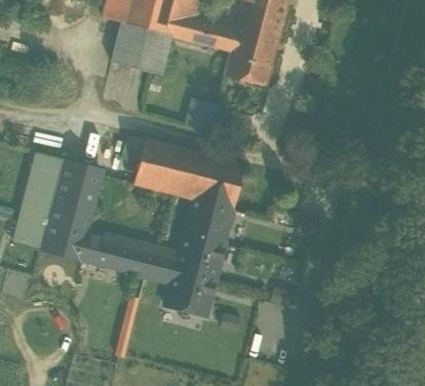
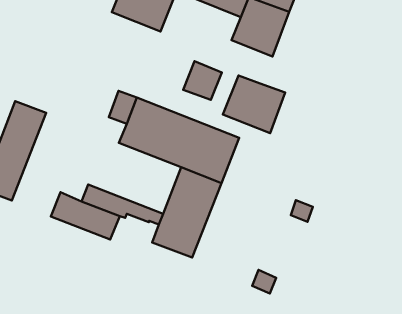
building: none -> [223,75,285,133]
building: [41,163,101,259] -> none
building: [137,247,215,316] -> none

